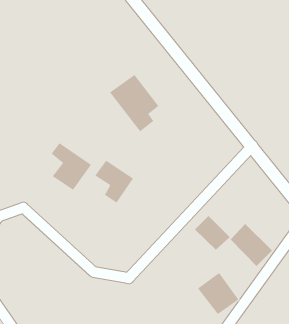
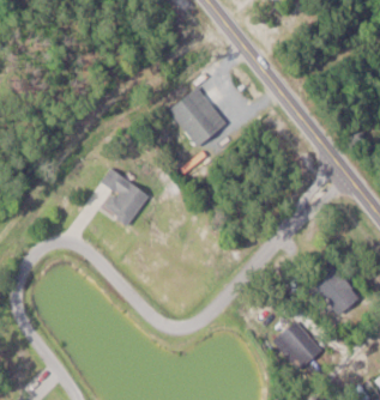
building: [94,160,134,203] -> none
building: [194,215,230,251] -> none

